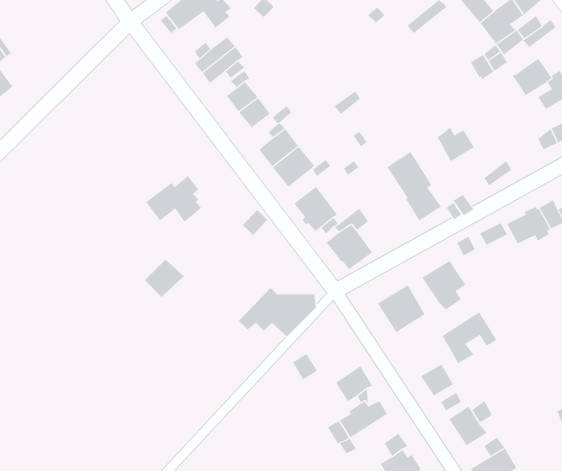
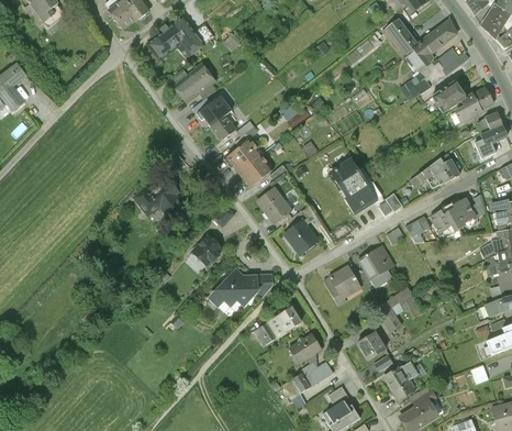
building: [437,127,475,162] -> [428,156,459,185]
building: [144,259,184,298] -> [191,234,224,266]
building: none -> [266,306,301,336]

